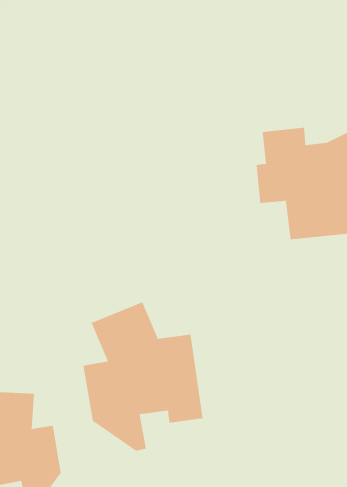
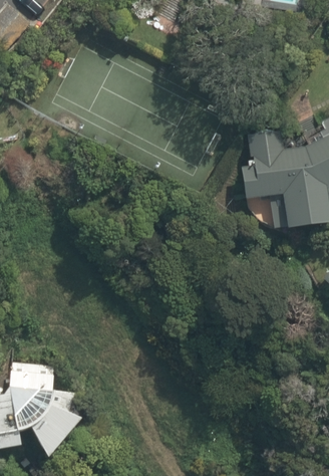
building: [83,301,203,452] -> none

